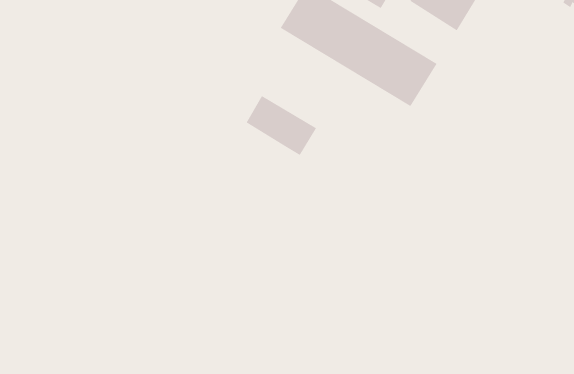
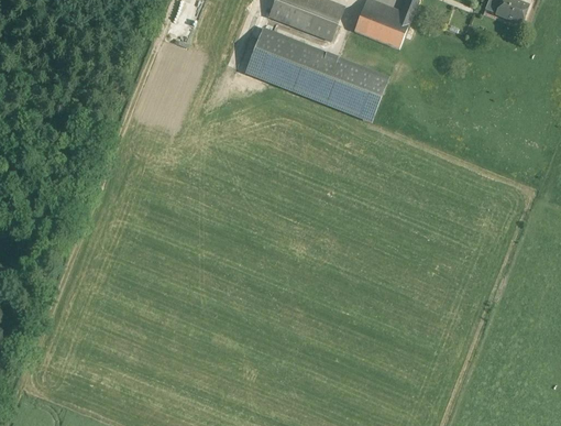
building: [246,95,317,156] -> none

